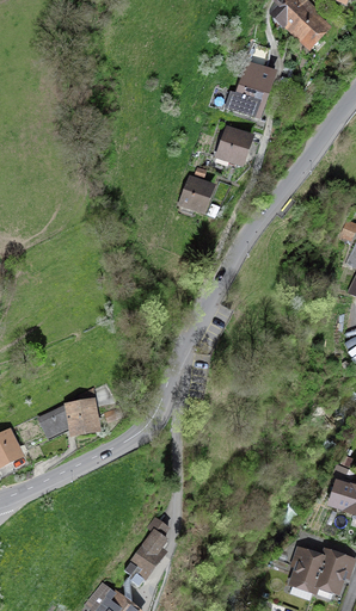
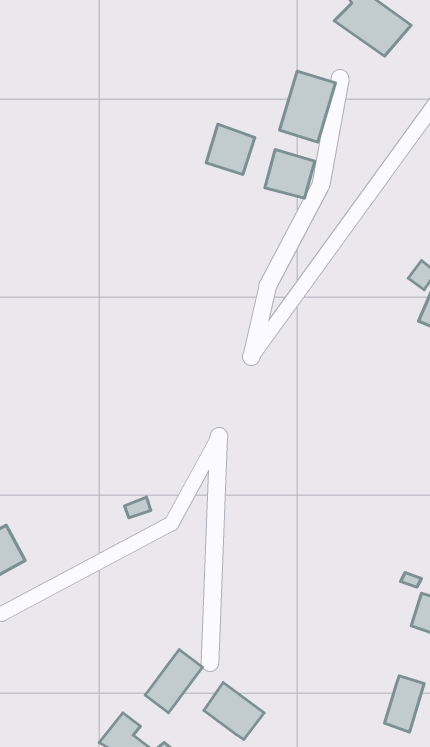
building: [182,173,221,214] -> [206,124,255,175]
building: [35,397,108,438] -> none
building: [291,549,326,595] -> none
building: none -> [204,683,264,740]

